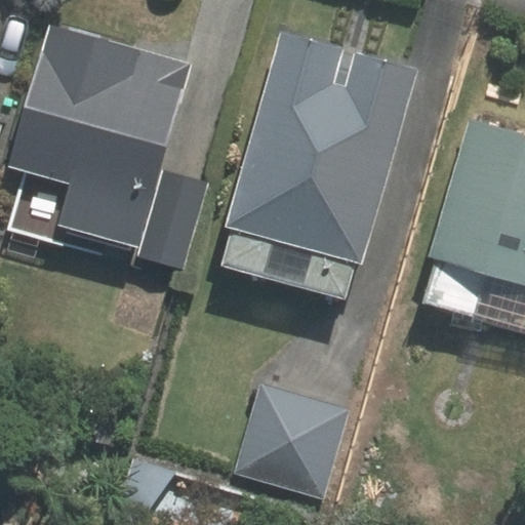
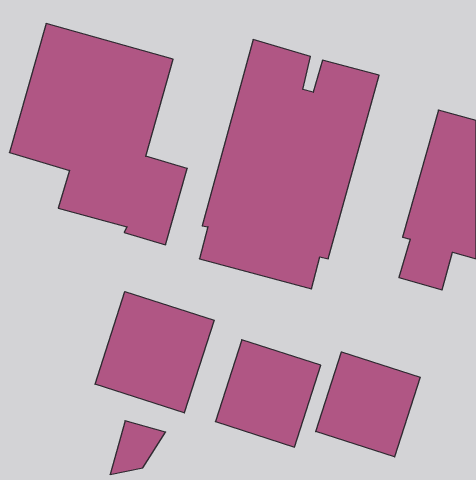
building: none -> [95,292,214,413]
building: none -> [316,352,420,457]

